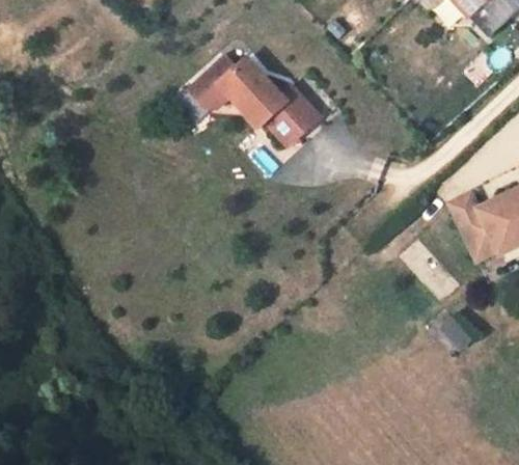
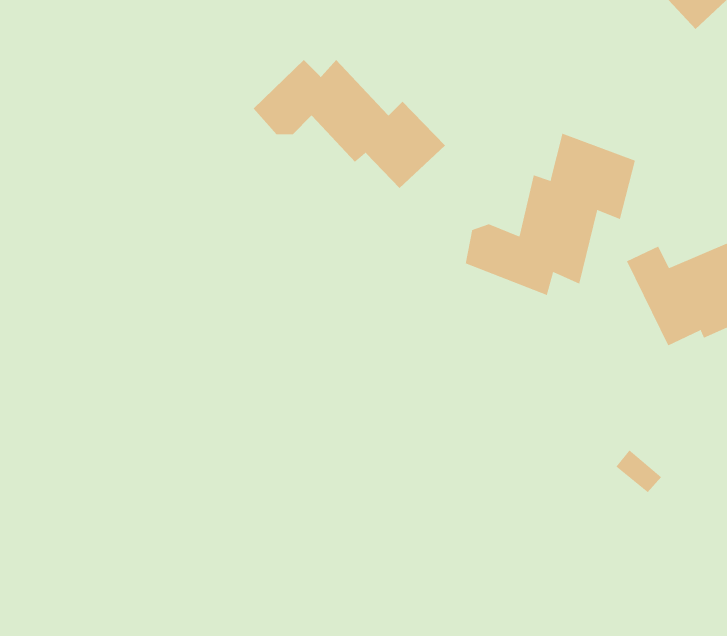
building: none -> [465,133,636,296]

